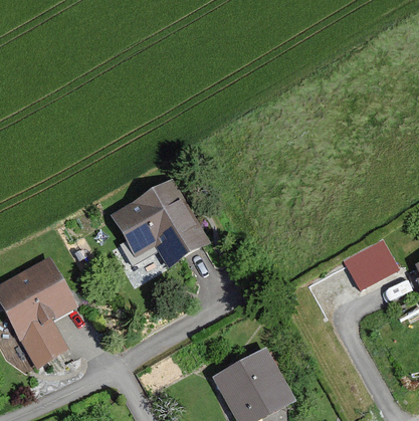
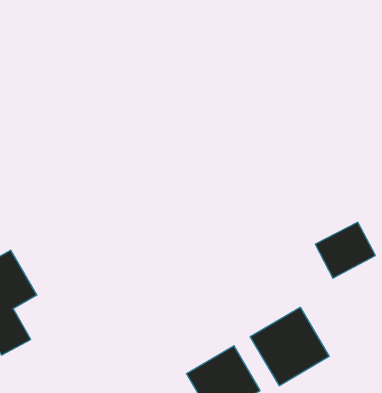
building: [117,183,204,261] -> none
building: none -> [250,307,329,386]

